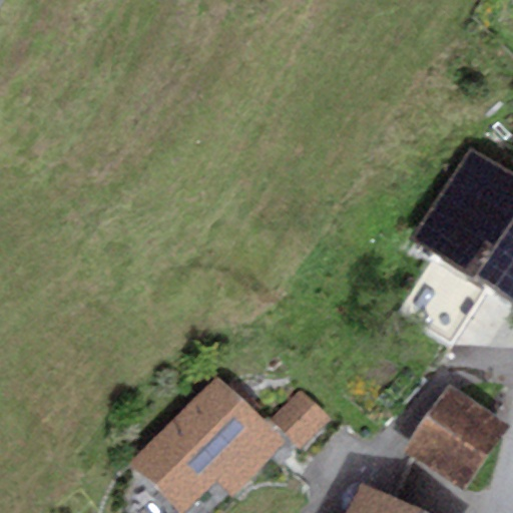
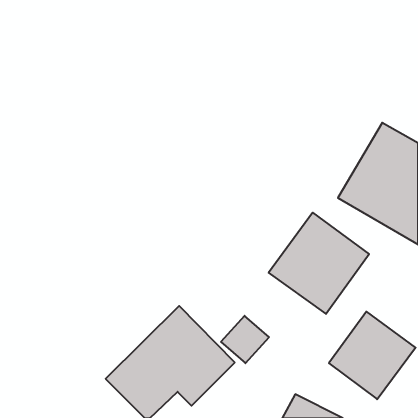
building: none -> [269,213,369,314]

